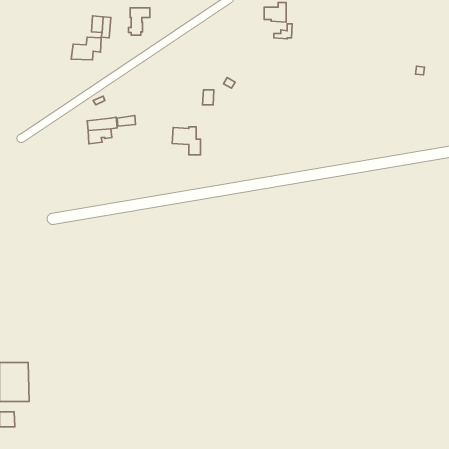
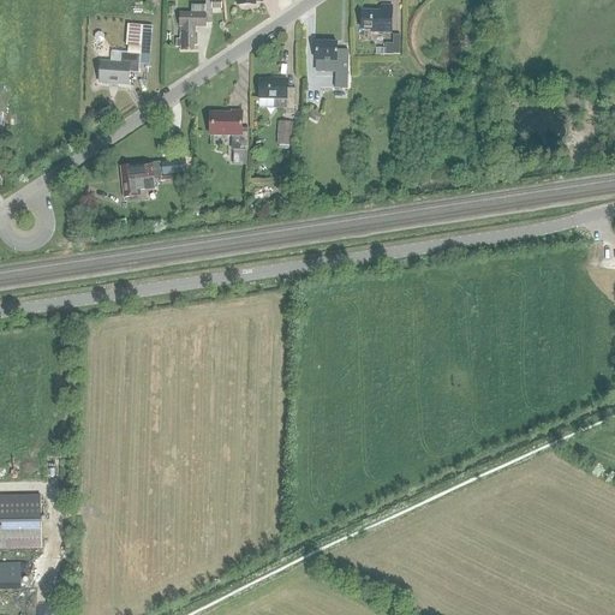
building: none -> [315,40,347,86]
building: none -> [257,77,294,107]
building: [172,127,200,155] -> [208,109,246,148]

